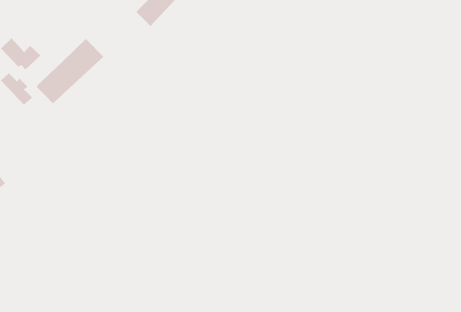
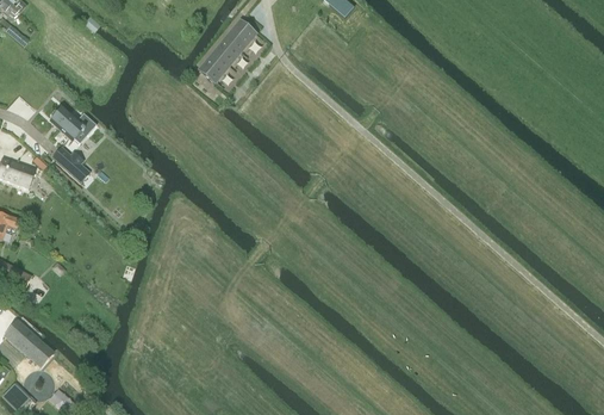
building: [36,38,104,104] -> none

